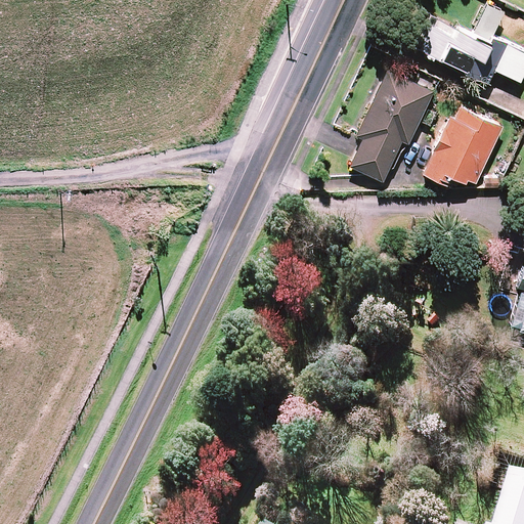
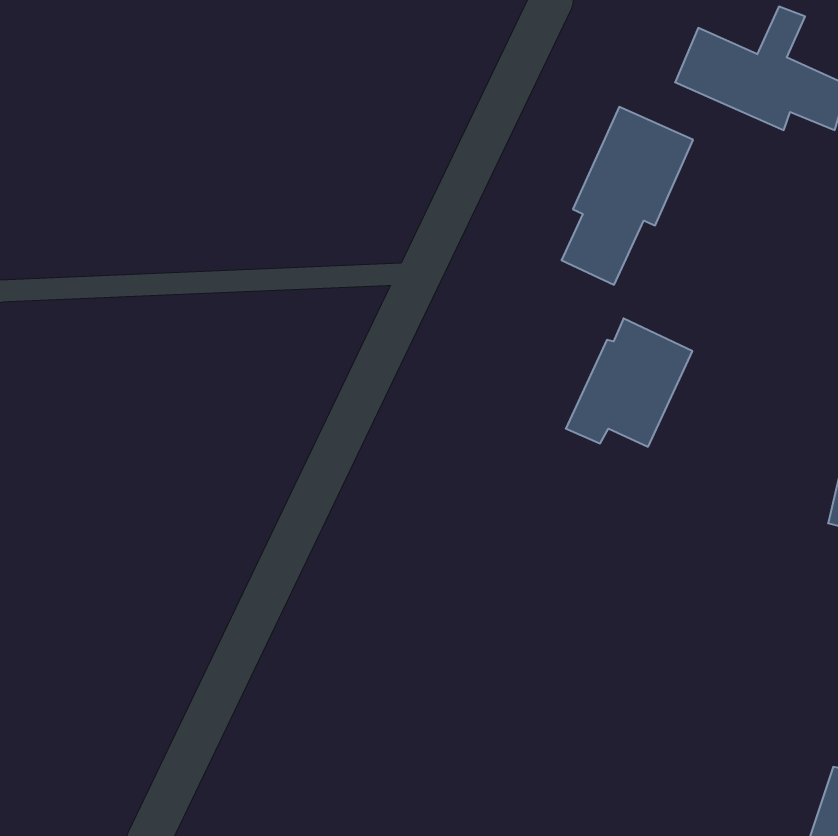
building: [424,104,503,184] -> [566,318,692,447]

